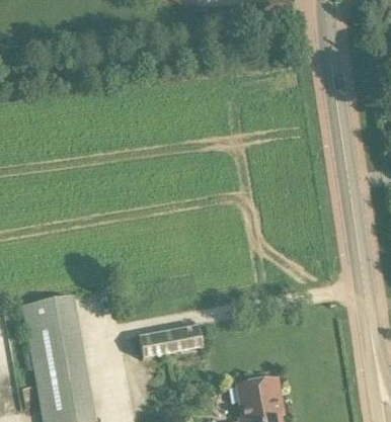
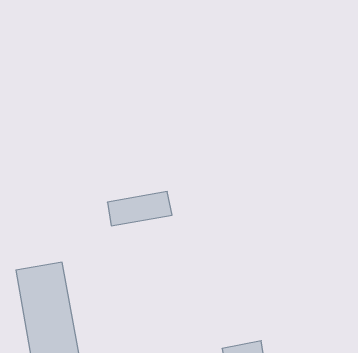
building: [136,320,203,355] -> [107,192,172,226]

